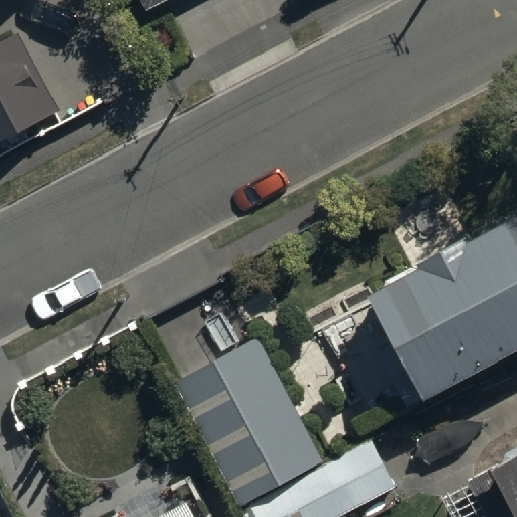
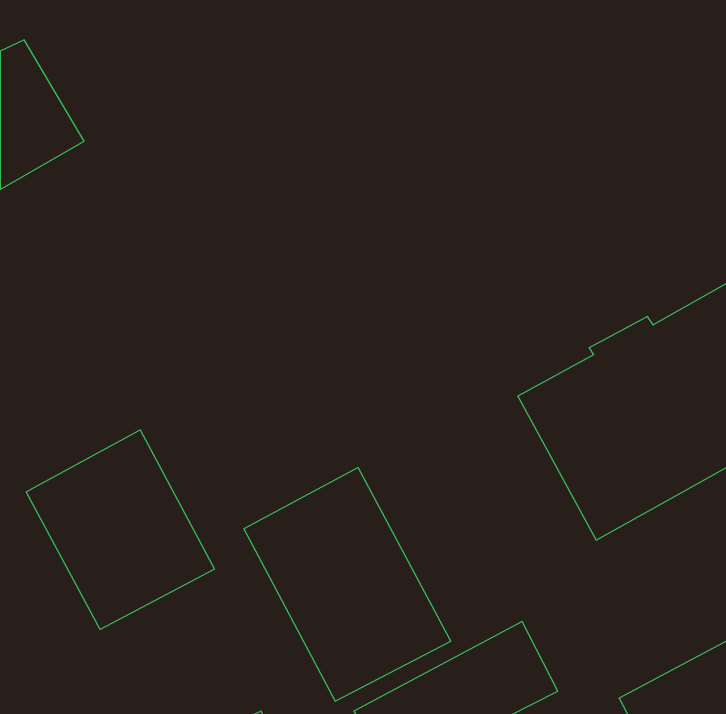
building: none -> [26,430,214,629]

